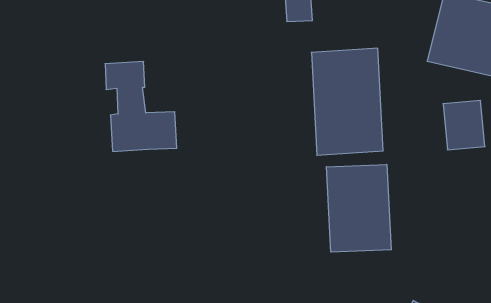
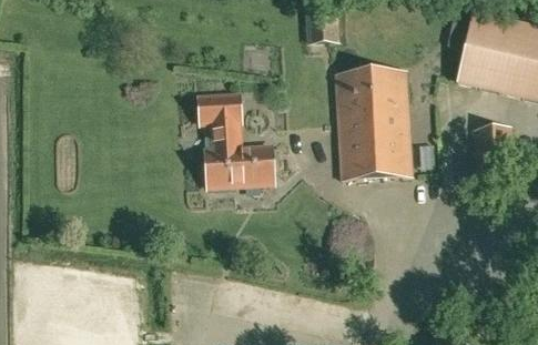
building: [105,62,177,151] -> [199,93,273,186]
building: [326,164,391,252] -> none

